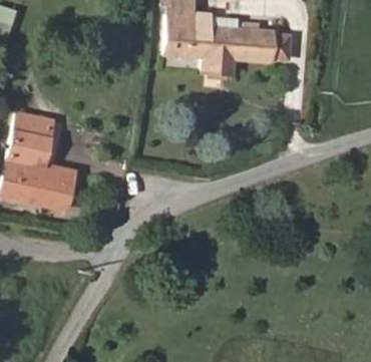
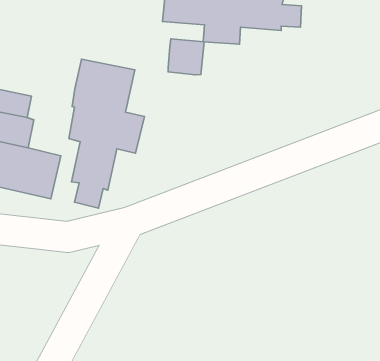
building: none -> [168,39,204,75]
building: none -> [69,59,144,208]

